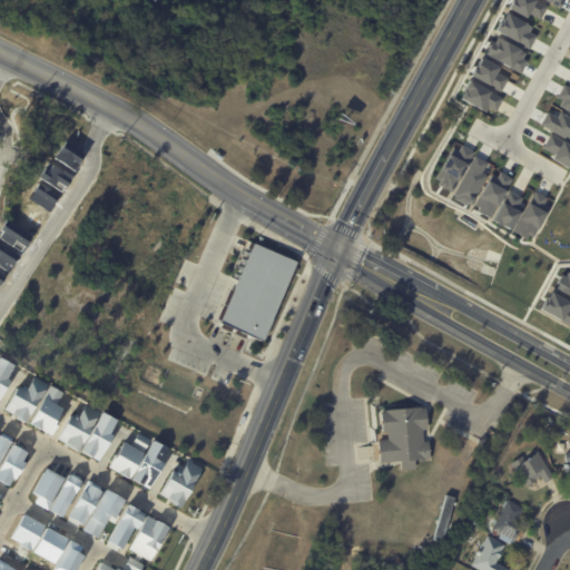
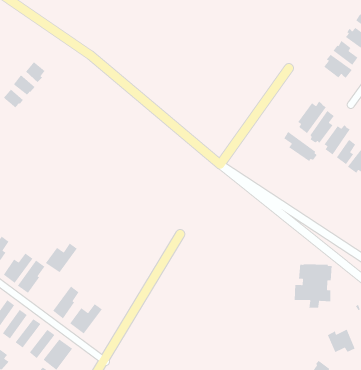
building: none -> [283,131,317,162]
building: [222,243,297,337] -> none
building: [380,406,433,470] -> [294,263,333,309]
building: [109,433,151,476] -> [45,243,78,273]

